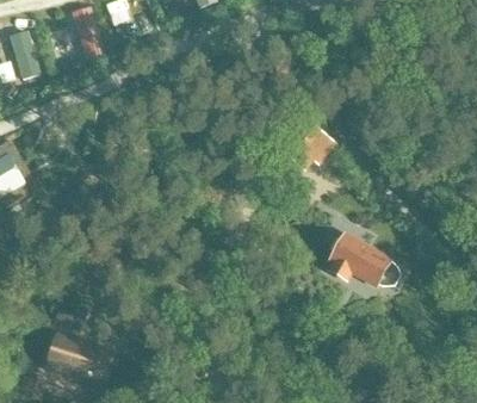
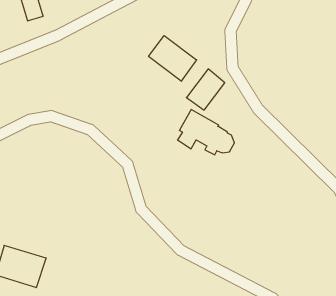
building: none -> [149,36,197,81]
building: [327,234,396,289] -> [177,110,234,155]

